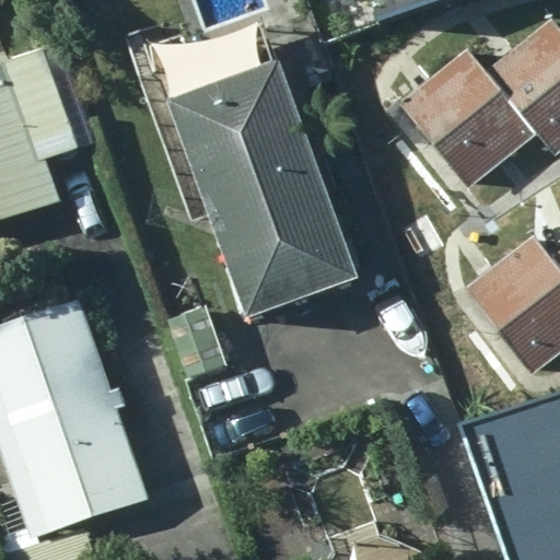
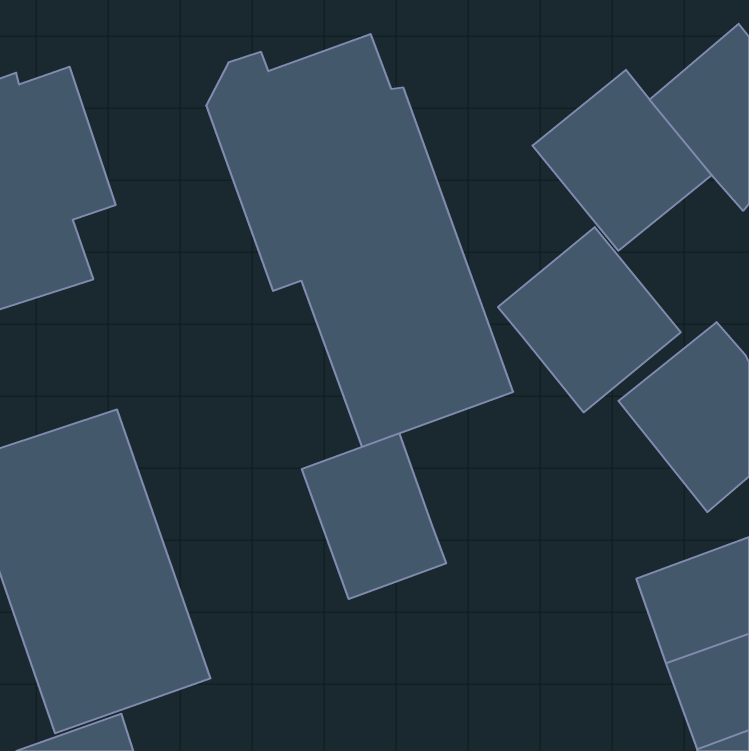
building: none -> [498,227,681,412]
building: none -> [302,433,446,599]

